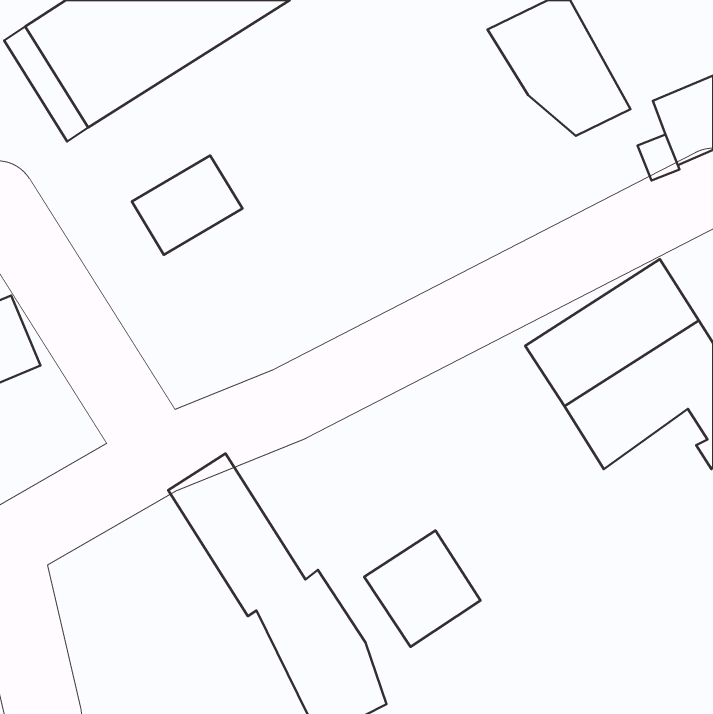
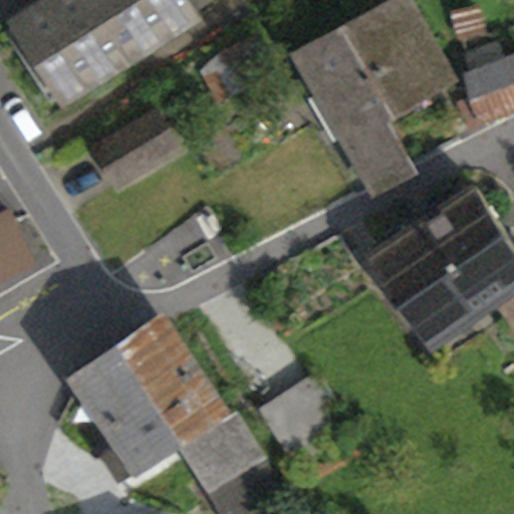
building: none -> [298,22,413,188]
building: none -> [79,352,178,480]

